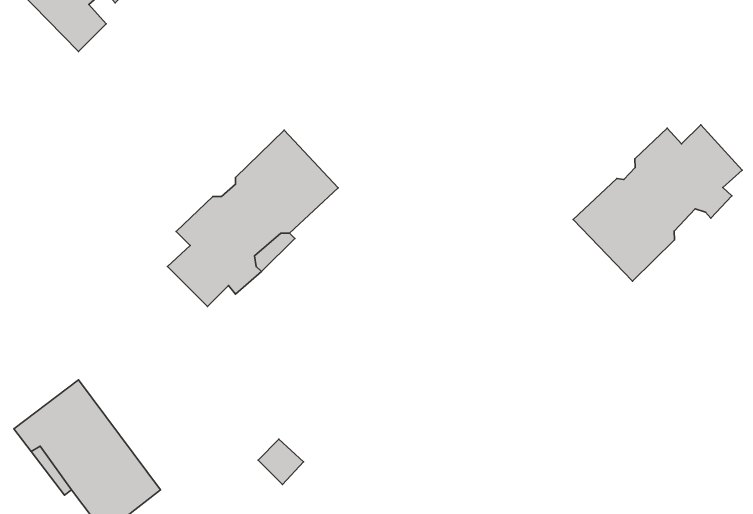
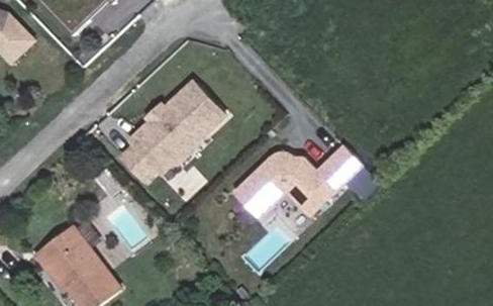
building: [573,125,742,281] -> none
building: none -> [234,142,362,215]

